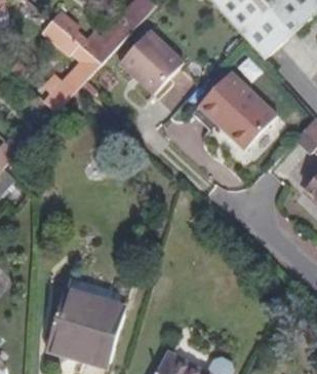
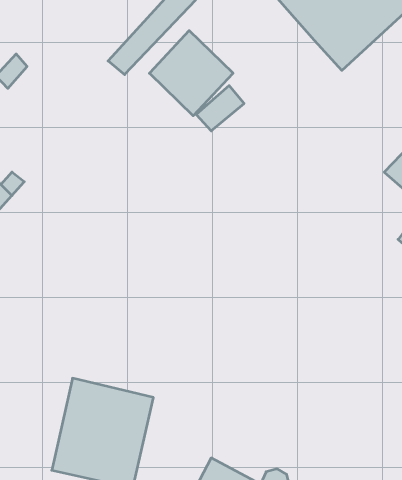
building: [44,20,103,110] -> none
building: [199,72,276,149] -> none

